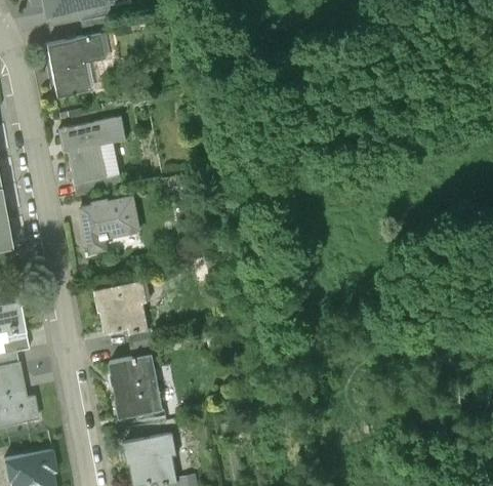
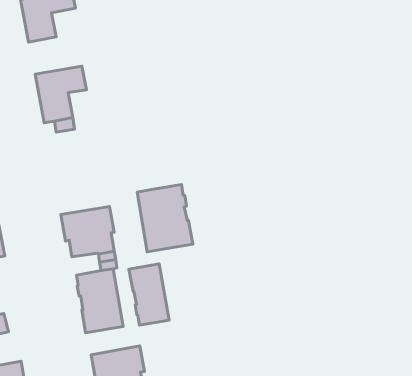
building: [80,198,136,252] -> none
building: none -> [137,185,193,252]
building: none -> [129,264,169,325]

